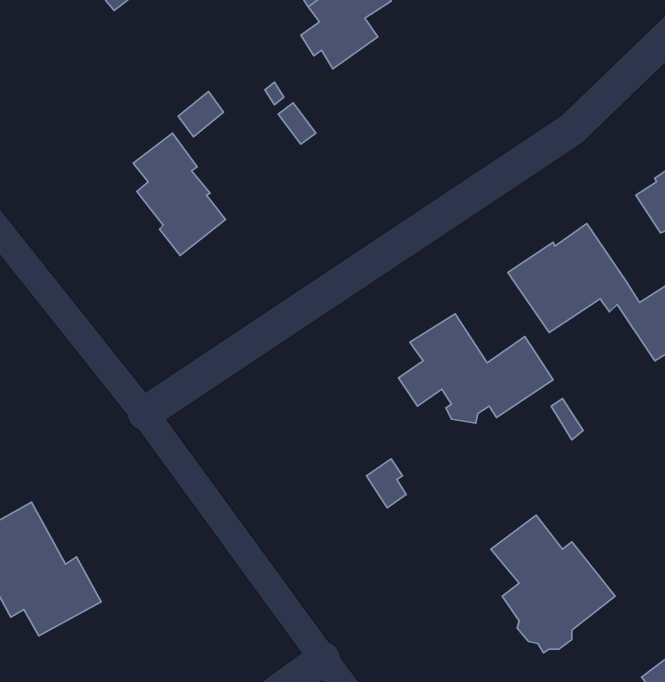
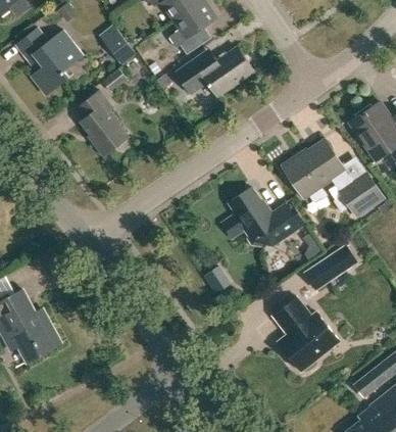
building: none -> [97,23,133,62]
building: none -> [15,28,83,96]
building: none -> [175,46,254,97]
building: none -> [304,246,356,290]

